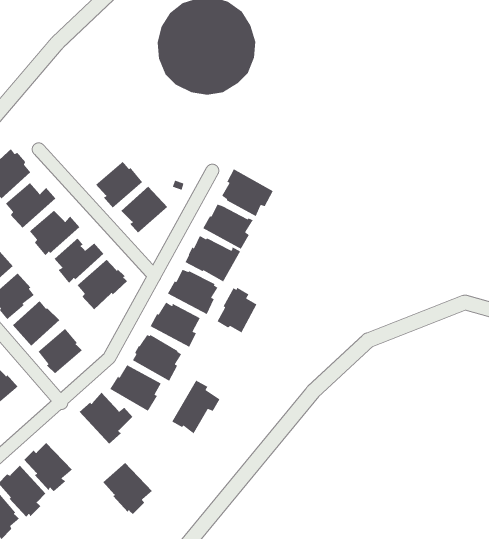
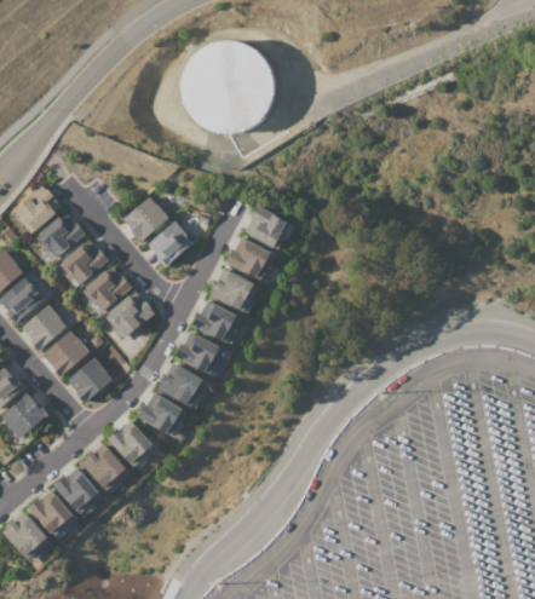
building: [217,287,257,334] -> none
building: [171,379,220,434] -> none
building: [103,462,153,515] -> [80,443,128,494]

